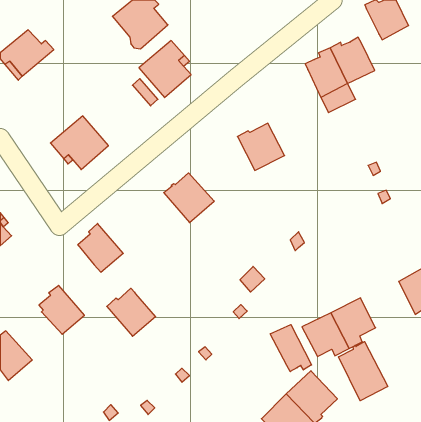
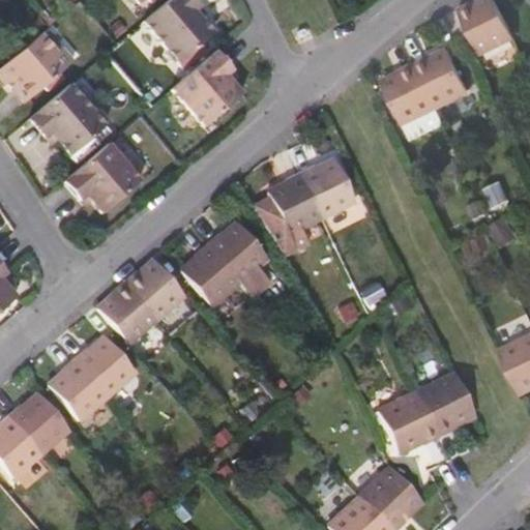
building: none -> [30,84,107,154]
building: none -> [257,172,321,253]
building: none -> [183,242,239,303]
building: none -> [124,260,184,318]
building: [107,288,156,336] -> [76,335,137,395]
building: none -> [9,392,70,451]
building: [270,325,312,372] -> none
building: [339,342,388,401] -> none

